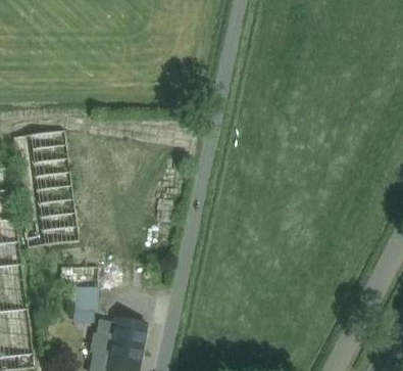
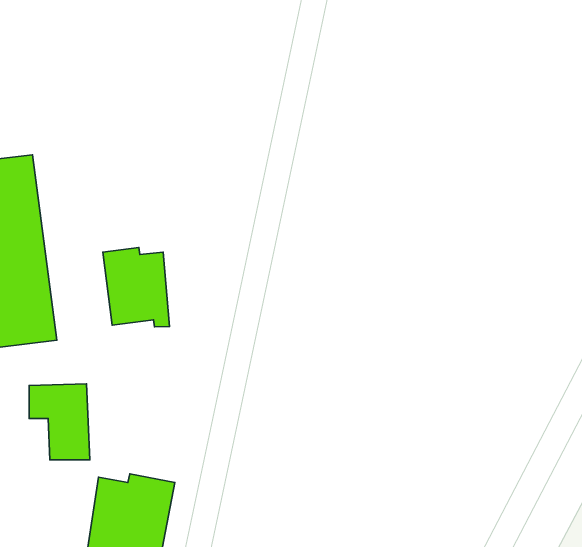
building: none -> [103,248,170,327]

